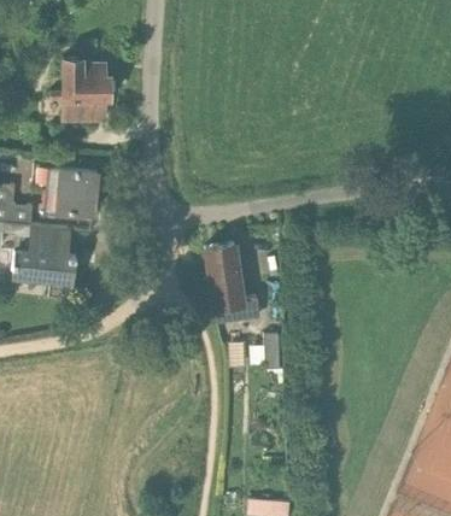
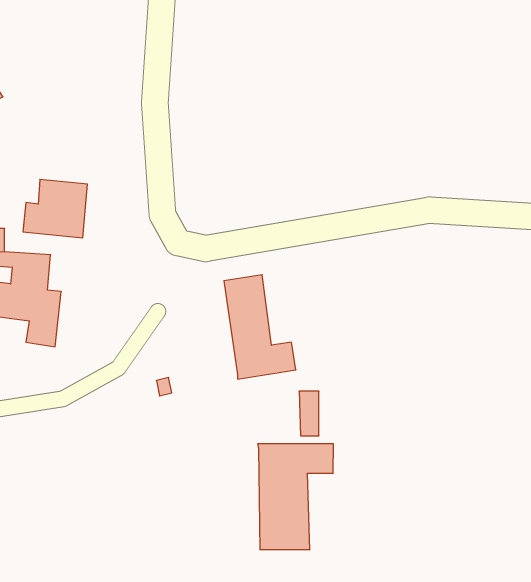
building: [63,55,111,117] -> none
building: none -> [258,444,333,550]

